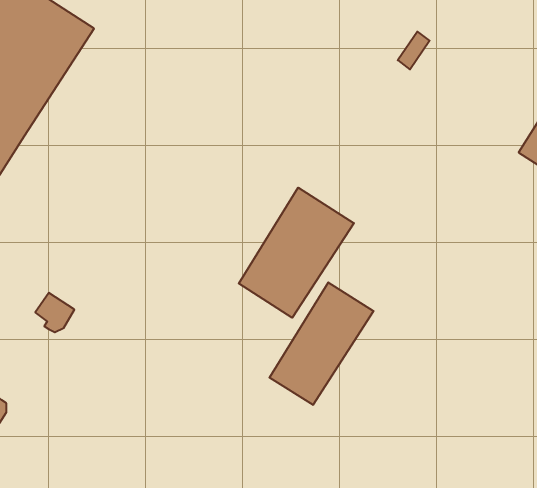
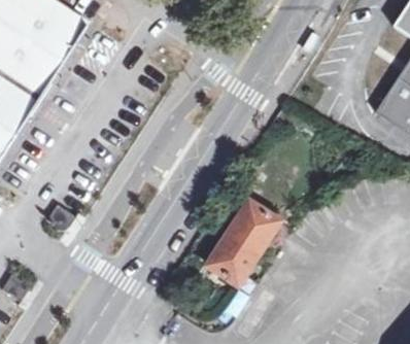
building: [239,188,354,318] -> none

